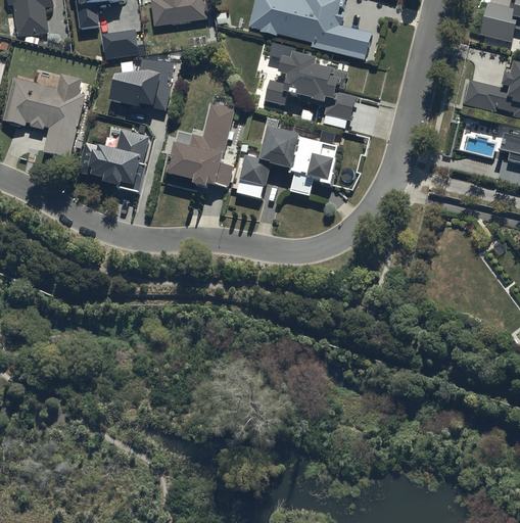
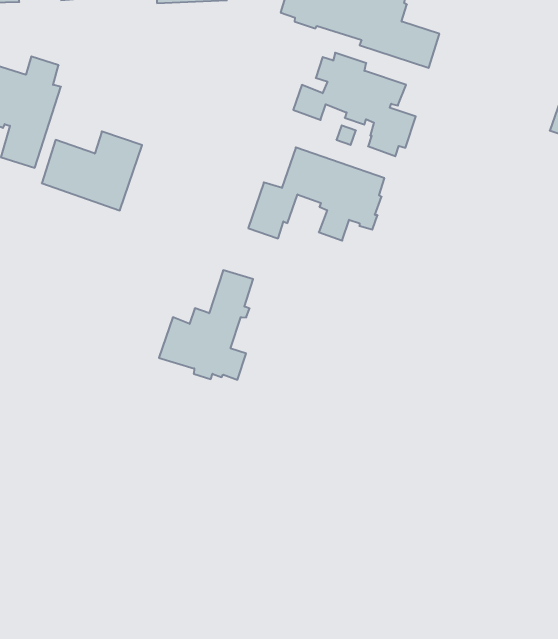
building: [101,31,138,59] -> none
building: [107,52,175,110] -> none
building: [167,104,234,188] -> [159,270,253,380]

